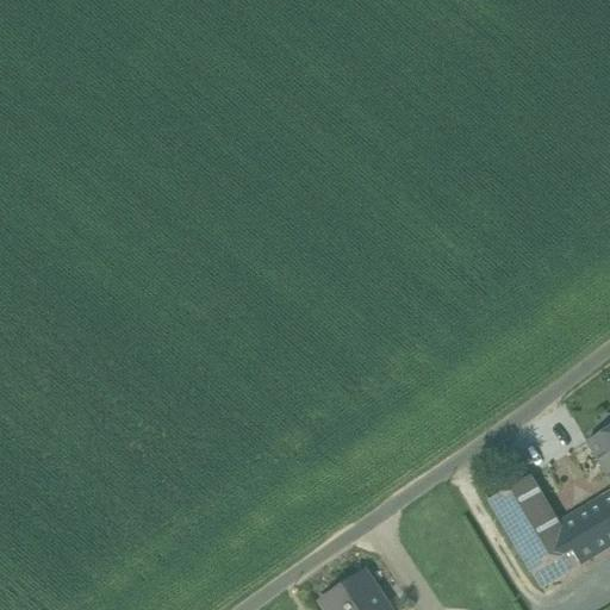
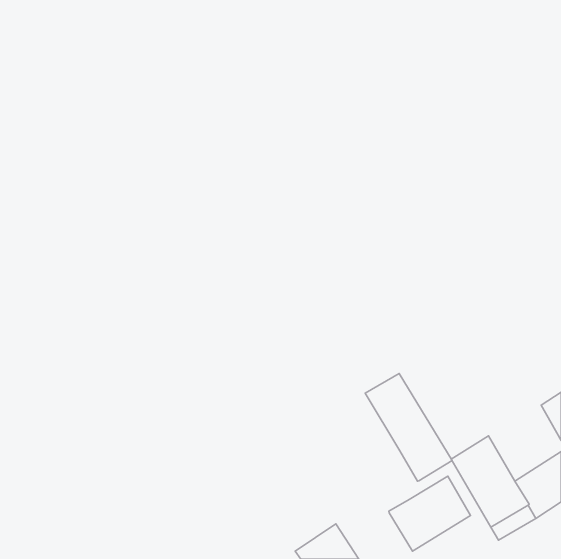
building: none -> [365,374,452,481]
building: none -> [389,476,471,551]

